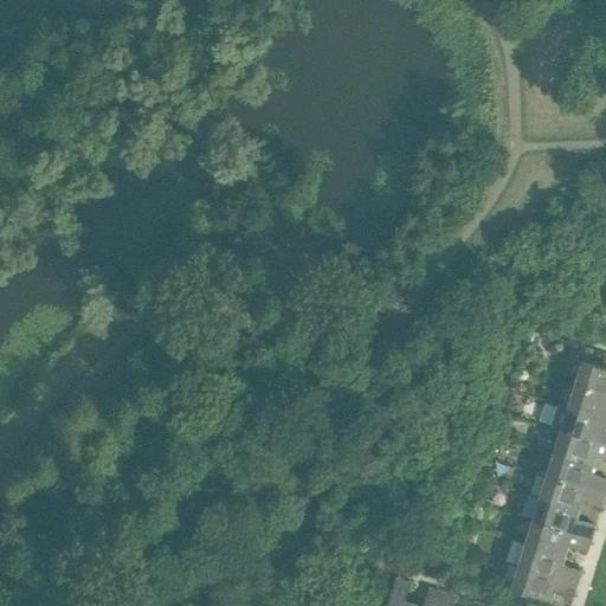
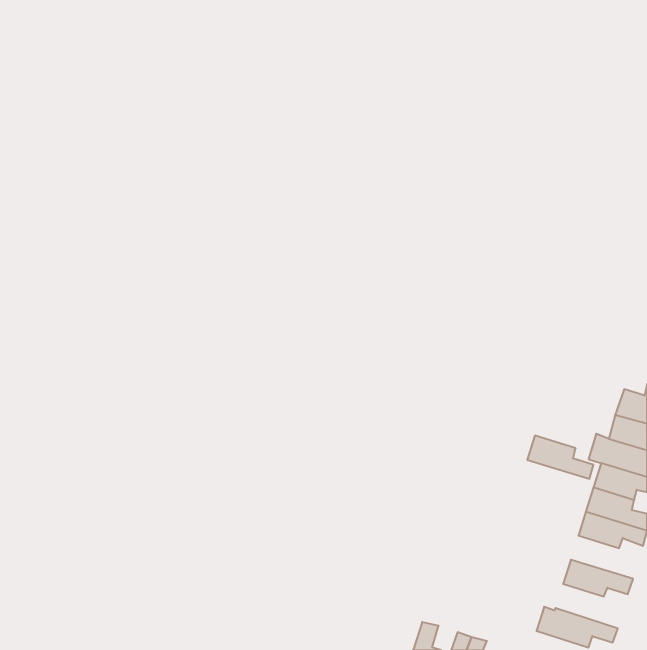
building: [531,498,593,539] -> [527,436,593,479]
building: [517,543,579,585] -> none

